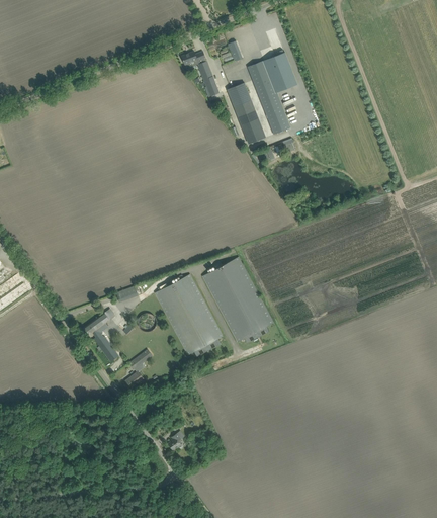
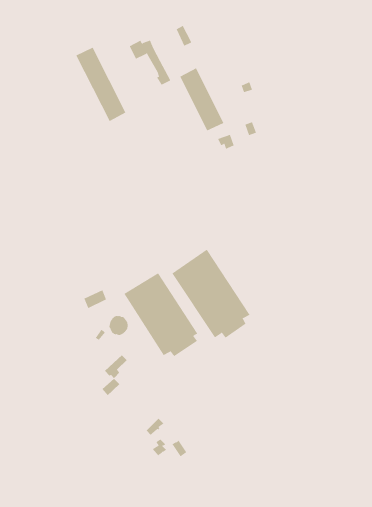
building: [247,52,296,135] -> none
building: none -> [75,47,126,122]
building: [80,309,117,361] -> none

